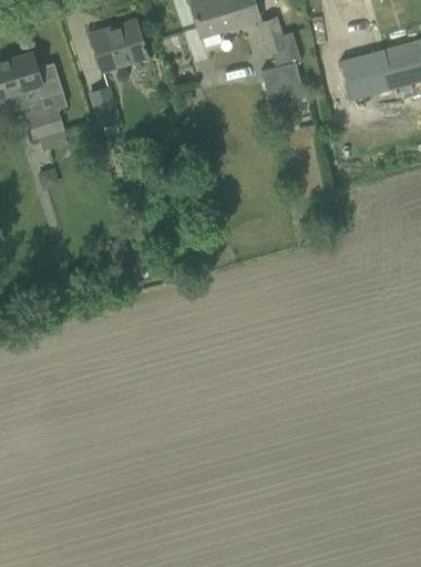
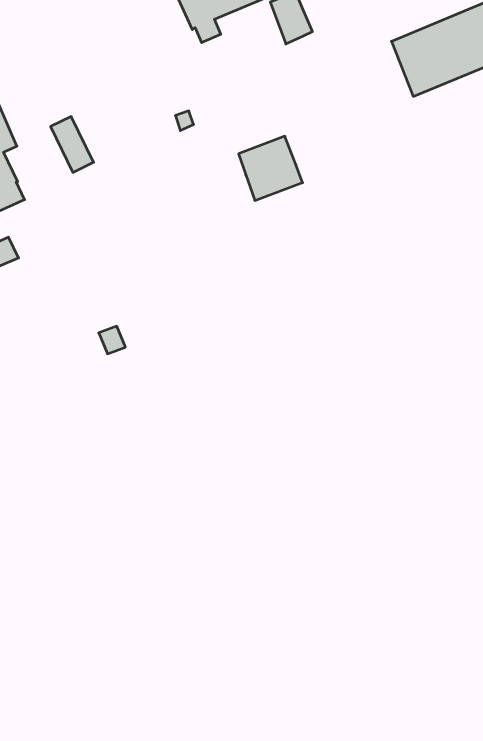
building: [91,20,146,70] -> none
building: [261,63,305,106] -> [239,136,303,200]

